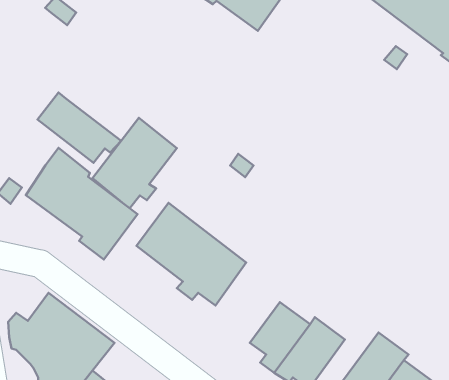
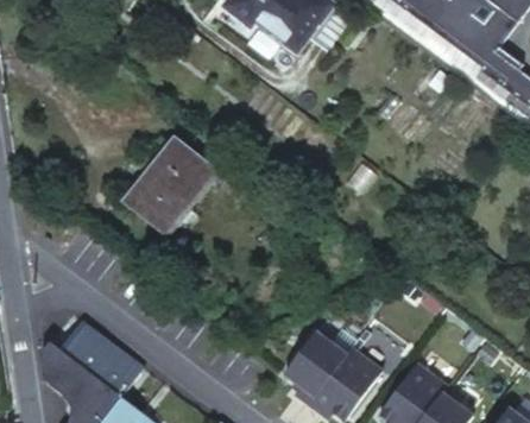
building: [38,92,121,163] -> none
building: [26,148,137,260] -> none
building: [136,203,246,305] -> none

